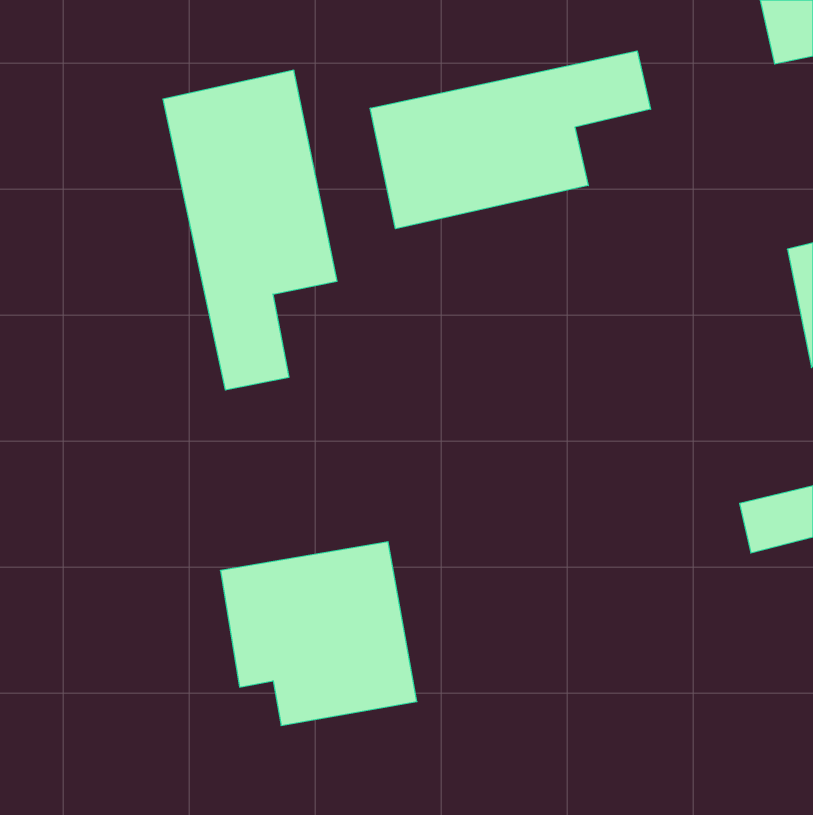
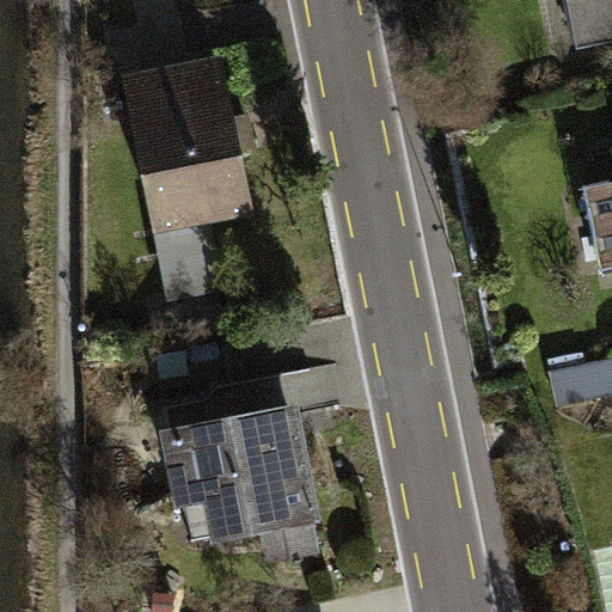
building: [370,51,651,229] -> none

